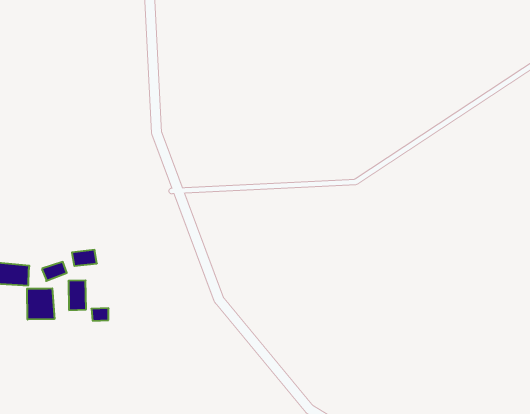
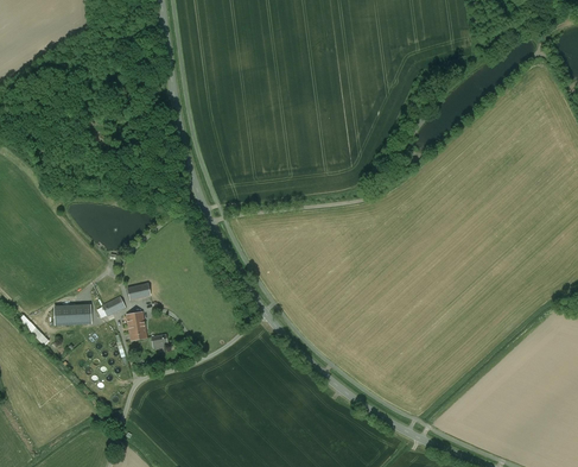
building: [27,288,54,320] -> none

